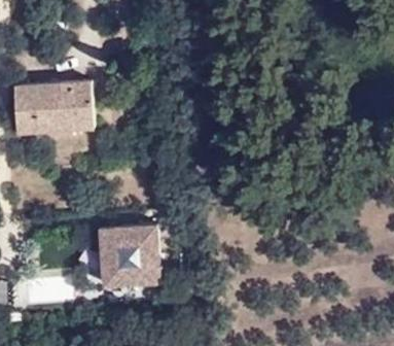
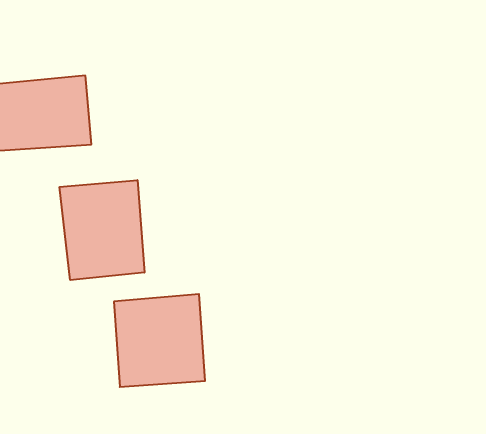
building: none -> [60,180,144,280]

